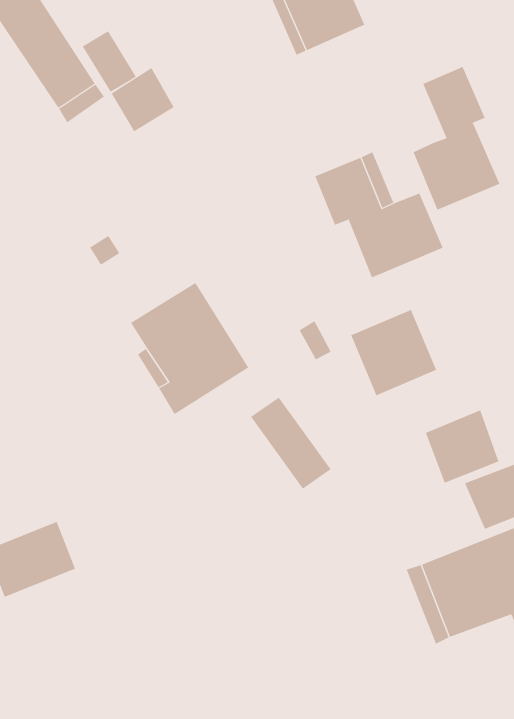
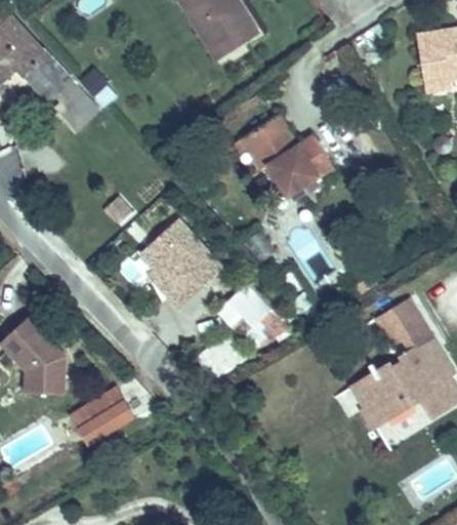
building: [413,66,500,211] -> none
building: [111,67,174,132] -> none
building: [350,309,437,396] -> none
building: [425,410,499,483] -> none

